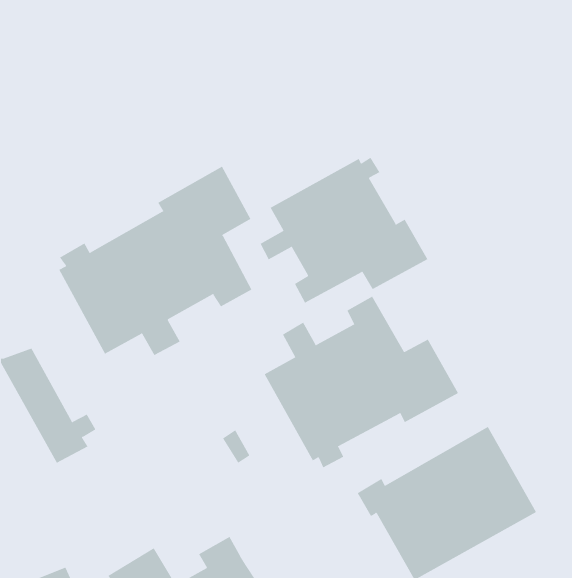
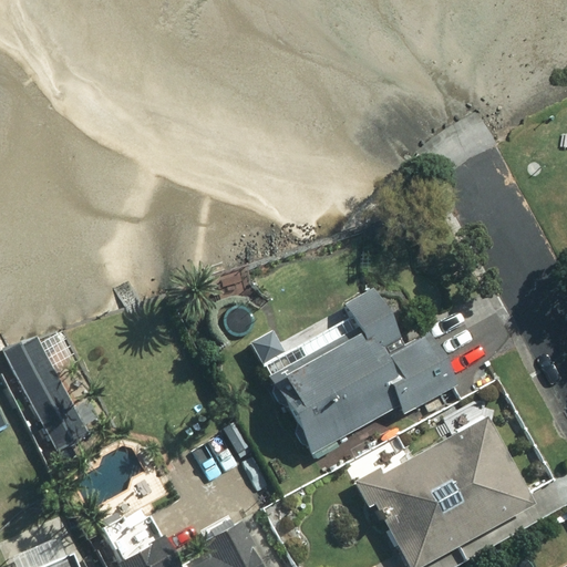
building: [260,157,428,303] -> none
building: [58,166,252,356] -> none

